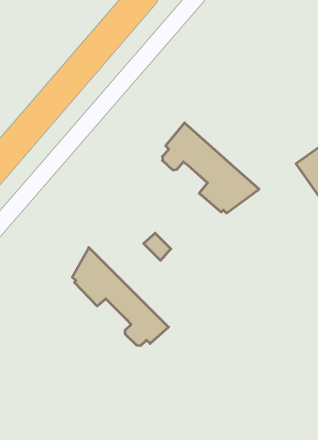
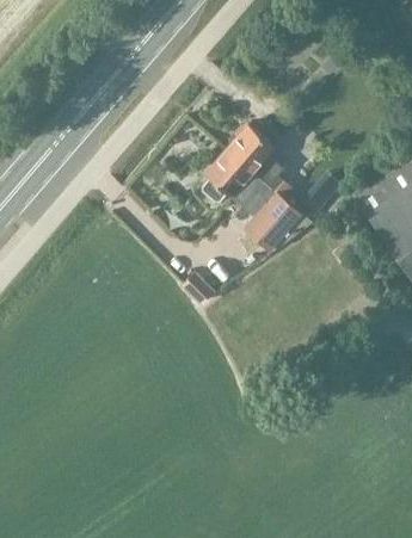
building: none -> [227,123,293,198]
building: [72,247,169,346] -> none

